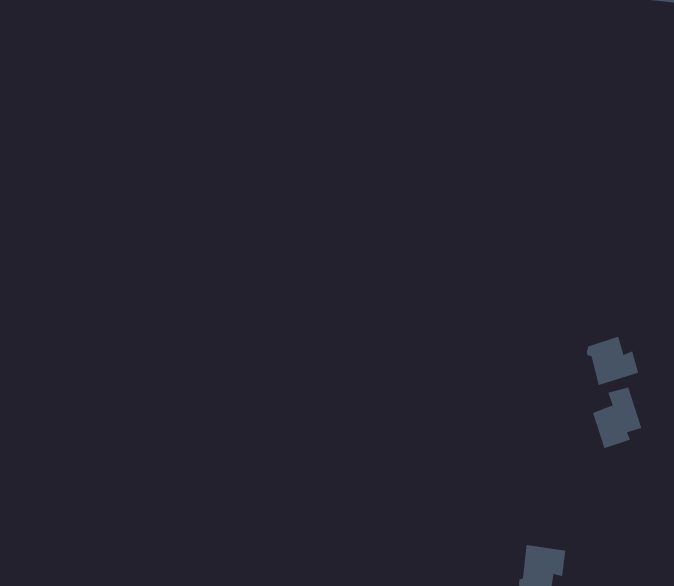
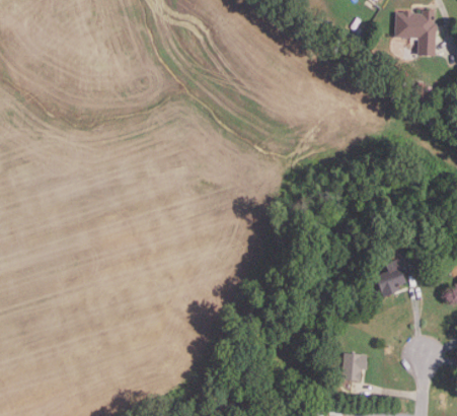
building: [586,336,639,386] -> none

